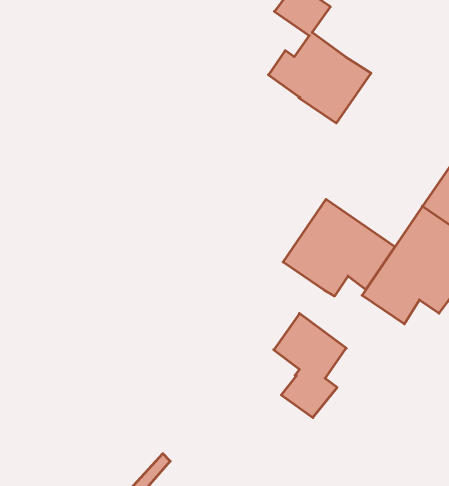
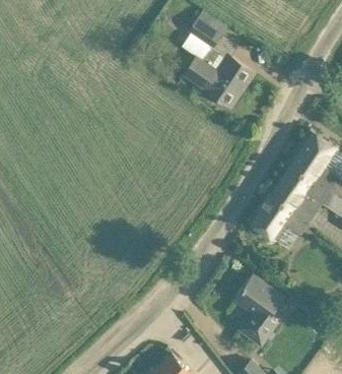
building: [283,199,395,296] -> none
building: [274,313,346,418] -> [234,275,283,346]

